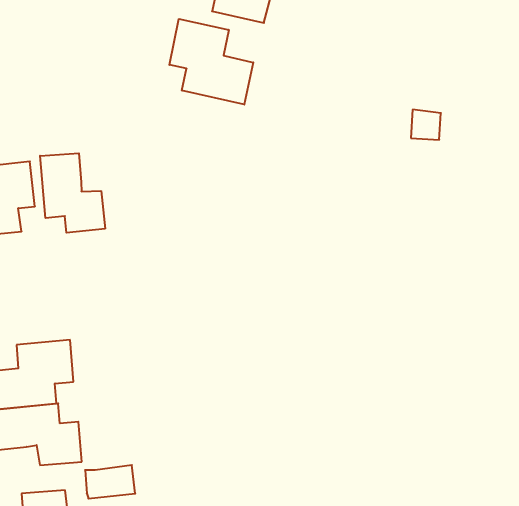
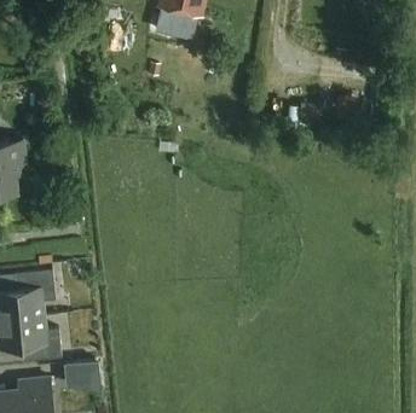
building: [169,19,253,105] -> none
building: [40,153,105,233] -> none

